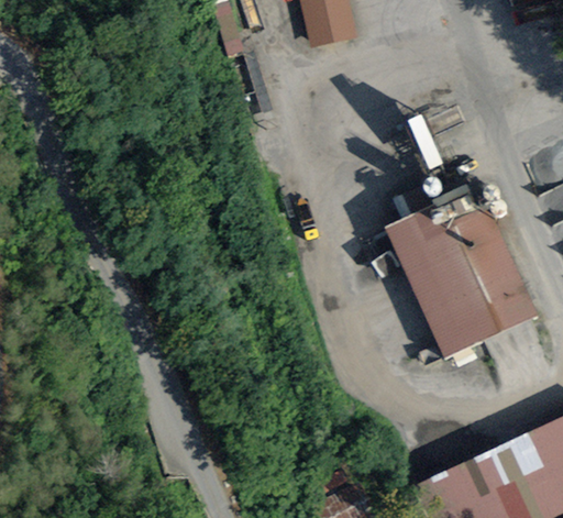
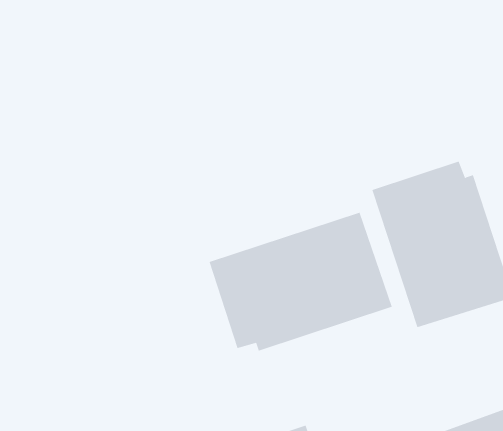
building: none -> [209,212,393,352]

